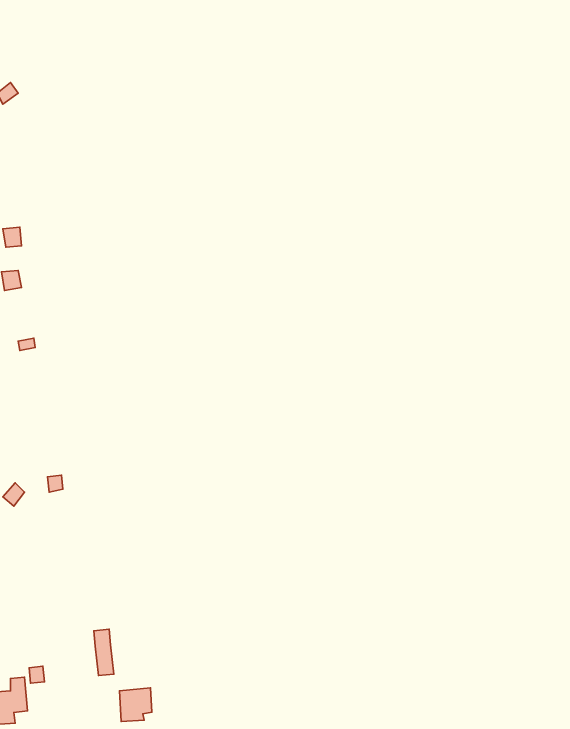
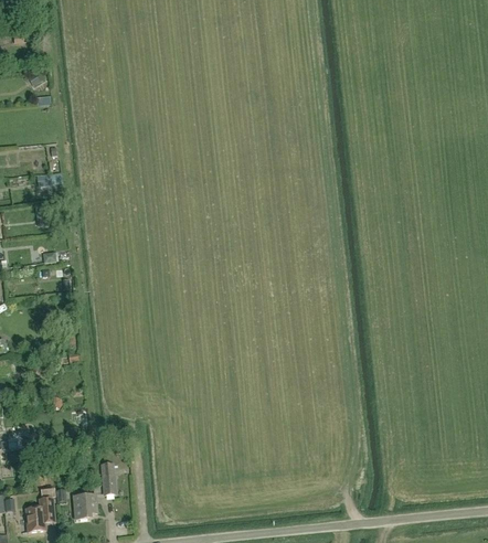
building: [120,688,152,722] -> [73,493,96,518]

